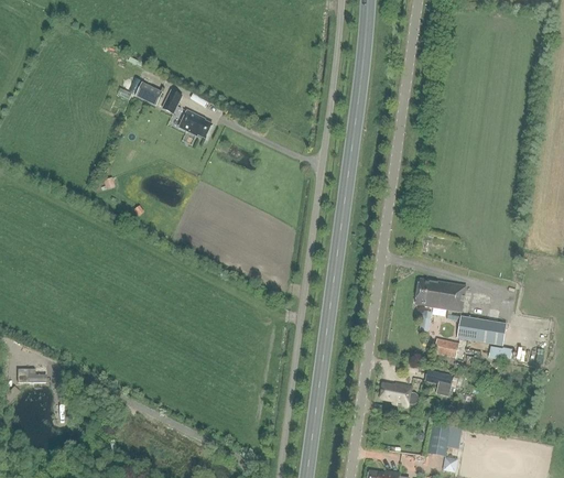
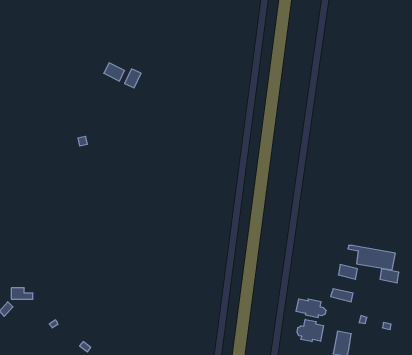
building: [178,109,213,138] -> none
building: [415,278,466,314] -> none
building: none -> [297,319,324,342]

